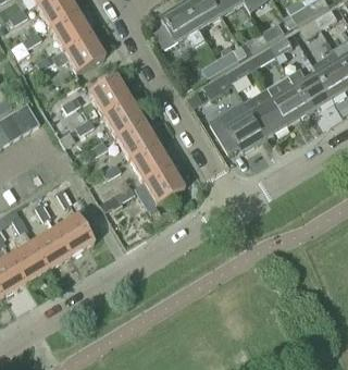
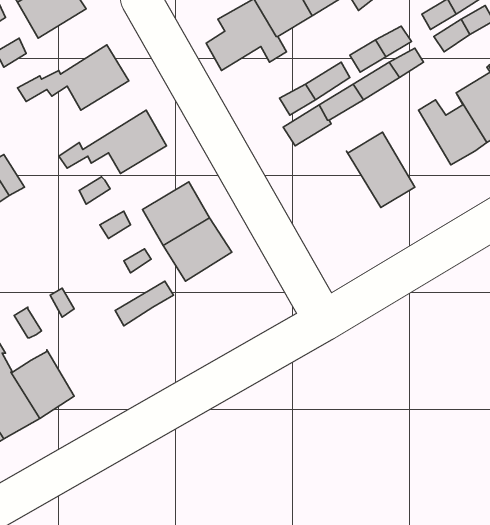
building: [48,10,91,51] -> none
building: [266,74,310,123] -> none
building: [100,97,144,137] -> none
building: [210,100,265,151] -> none
building: [141,164,184,205] -> none
building: [53,213,94,256] -> none

